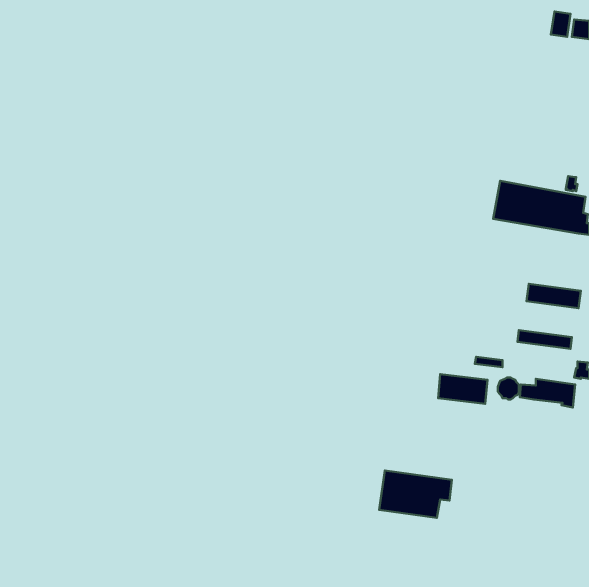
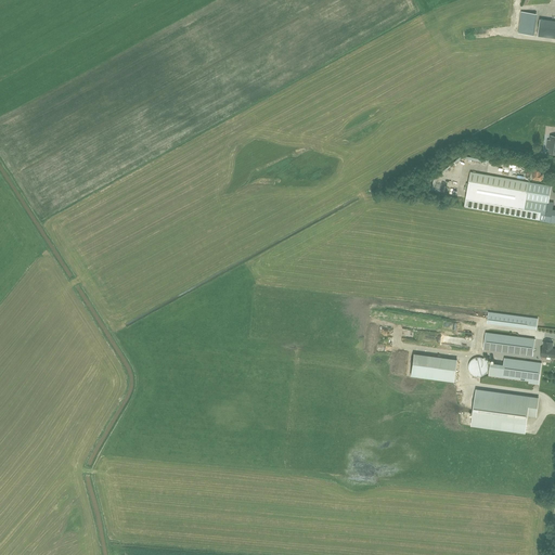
building: [527,284,581,308] -> [483,332,534,354]
building: [379,471,452,518] -> [470,388,539,433]

